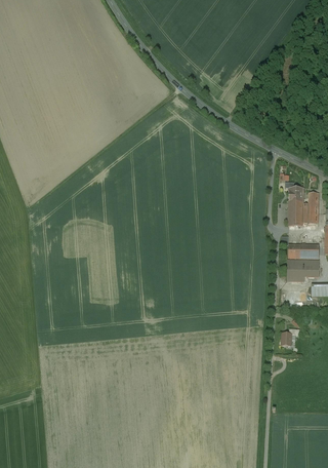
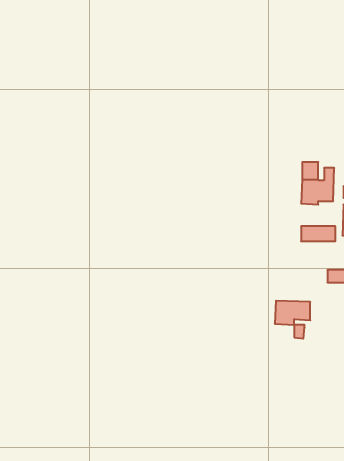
building: [287,260,319,281] -> [275,301,310,325]

